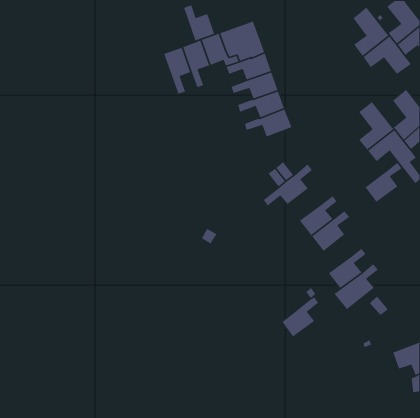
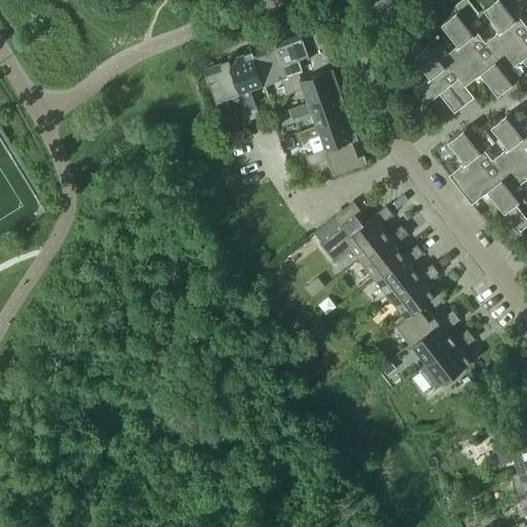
building: [183,4,215,42] -> none
building: none -> [412,44,472,115]
building: [365,162,403,203] -> [359,227,407,279]
building: none -> [315,220,348,253]
building: [281,296,319,337] -> [395,293,443,345]

